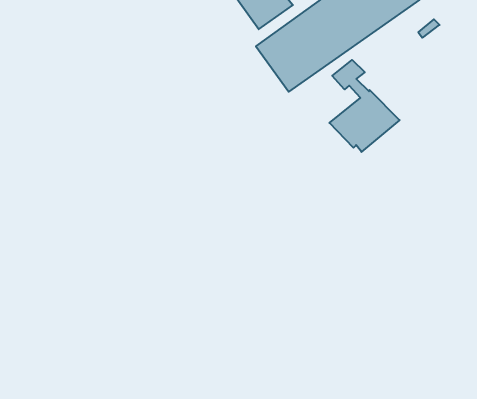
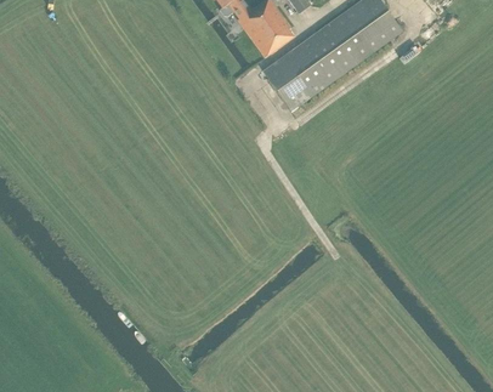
building: [329,60,400,152] -> none

